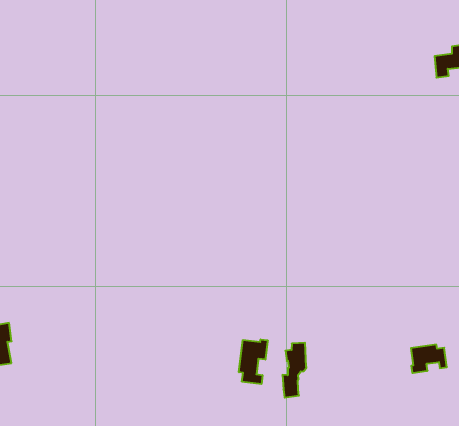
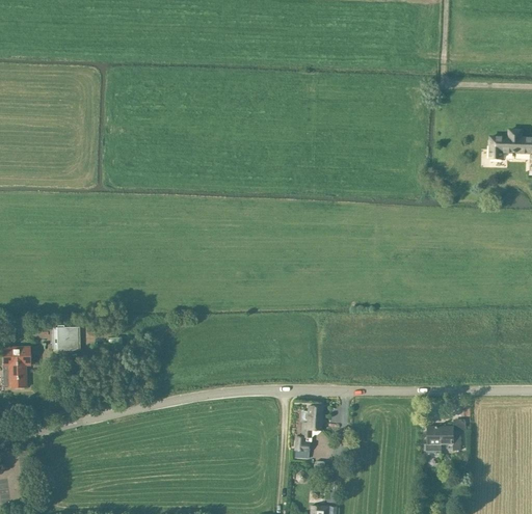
building: none -> [51,324,84,350]
building: [239,339,268,384] -> none

